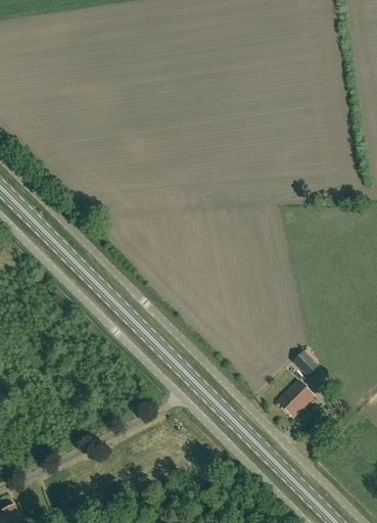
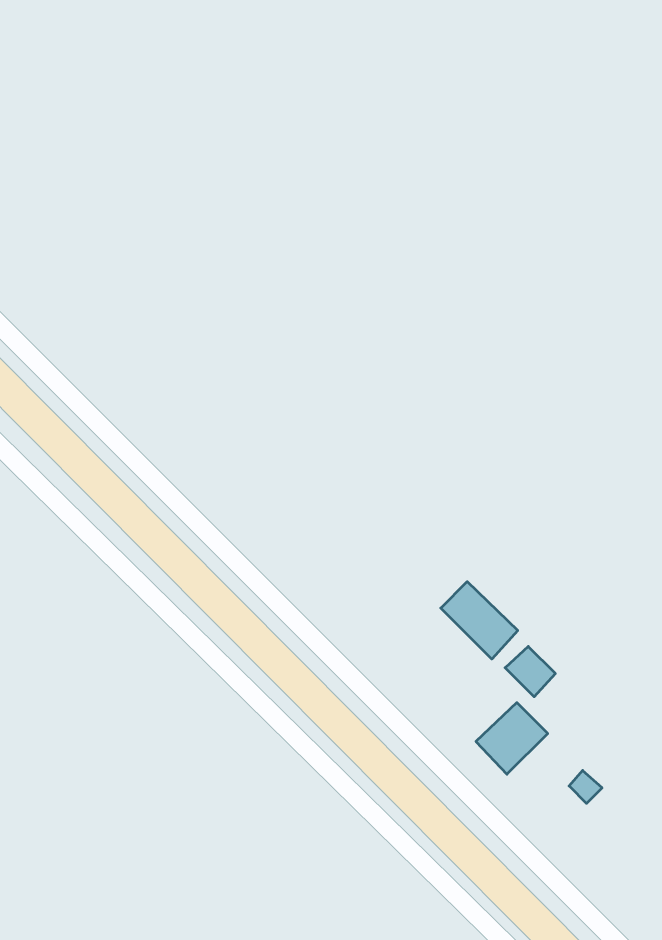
building: none -> [441,582,518,659]

